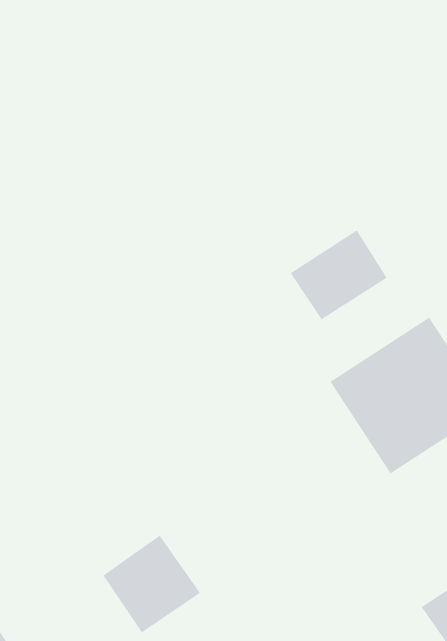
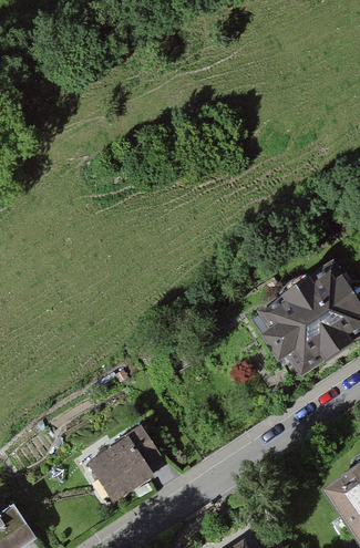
building: [290,229,387,320] -> none

